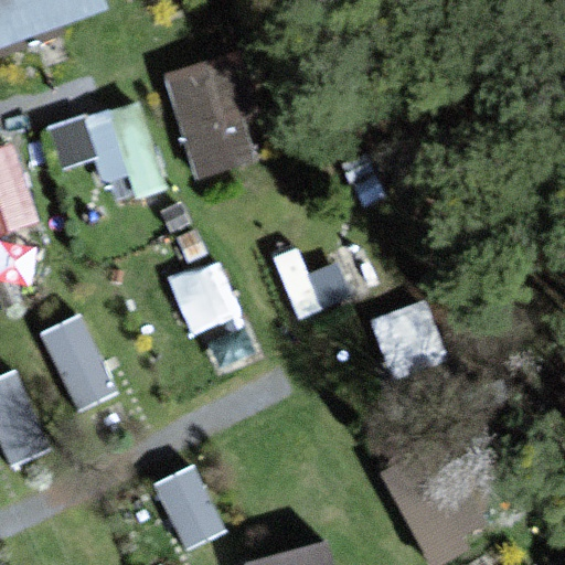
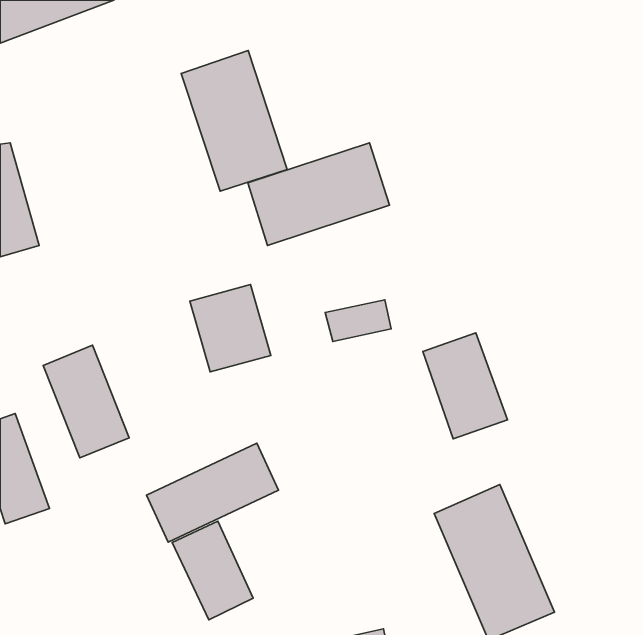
building: [43,99,156,181] -> none
building: none -> [248,143,389,245]
building: none -> [147,443,278,542]

